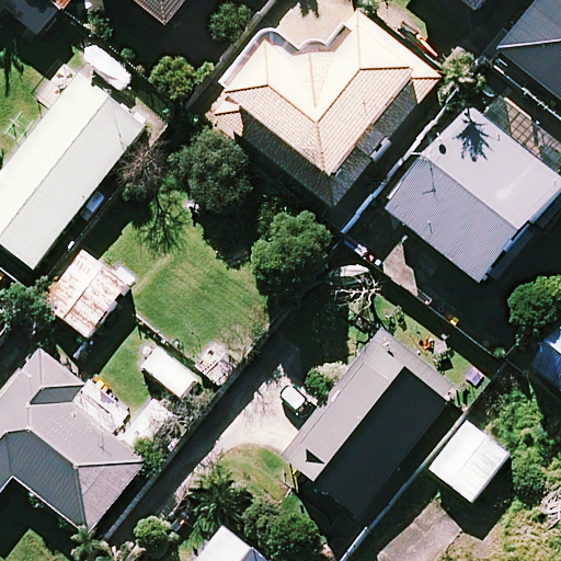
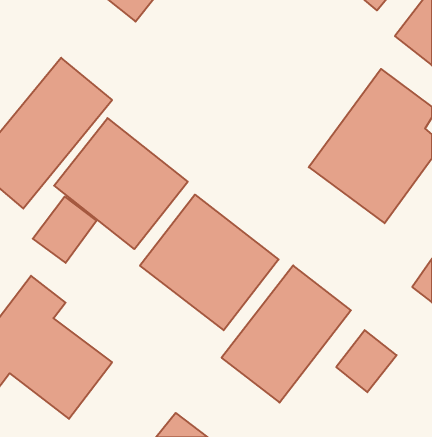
building: [214,14,432,198] -> none
building: none -> [54,118,188,249]
building: none -> [140,195,279,330]

